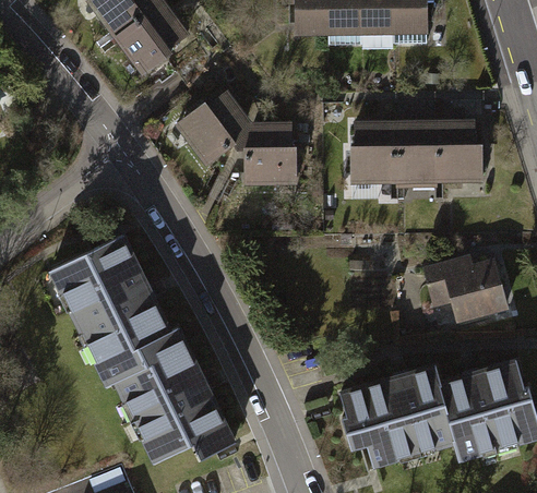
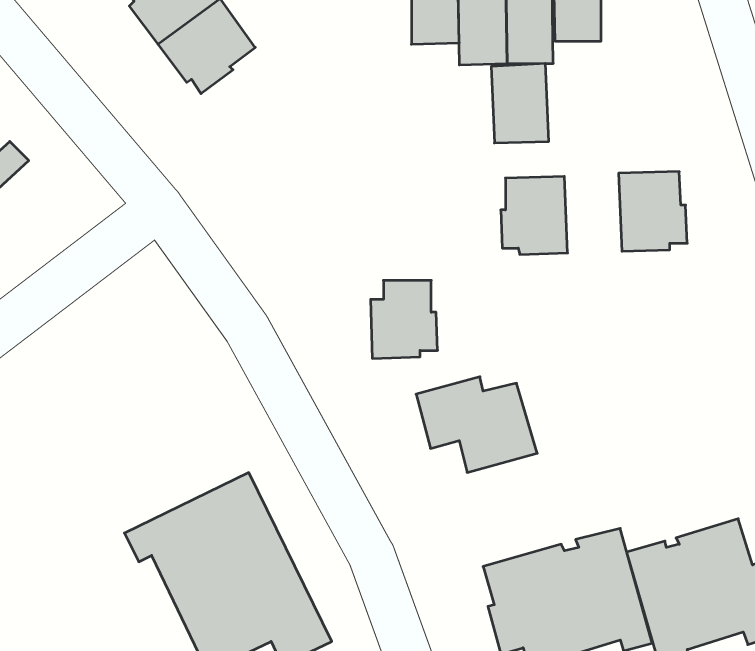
building: [182,97,244,161] -> none
building: [396,123,435,178] -> [491,63,549,143]
building: [247,127,293,180] -> [371,280,438,358]
building: [48,237,170,368] -> none
building: [422,255,505,321] -> [416,377,537,472]

